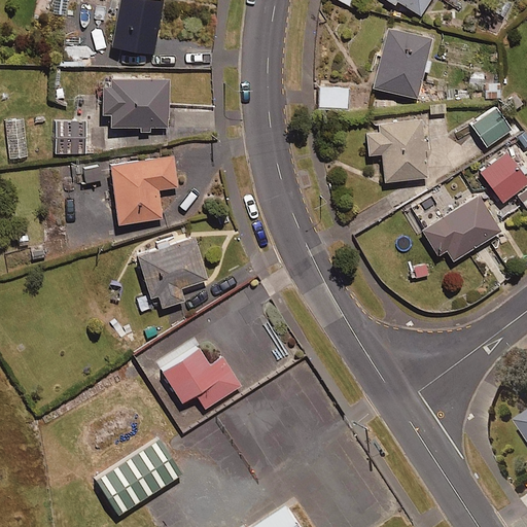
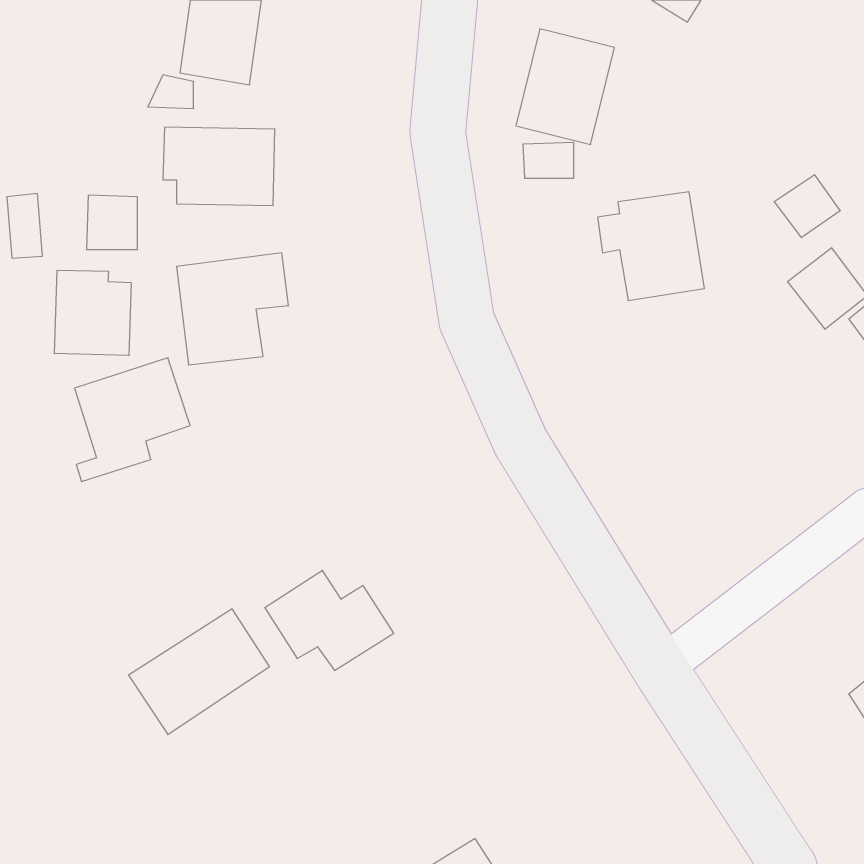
building: [372,28,431,98] -> [516,29,614,144]
building: none -> [54,270,131,356]
building: [421,195,500,260] -> none
building: [137,238,207,313] -> [75,358,190,482]
building: [95,438,180,515] -> [129,609,270,735]

